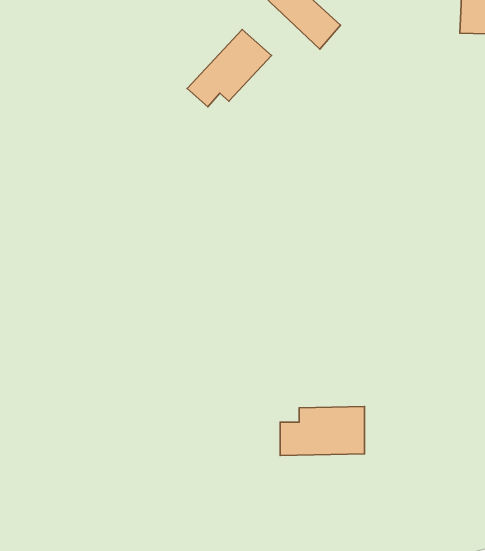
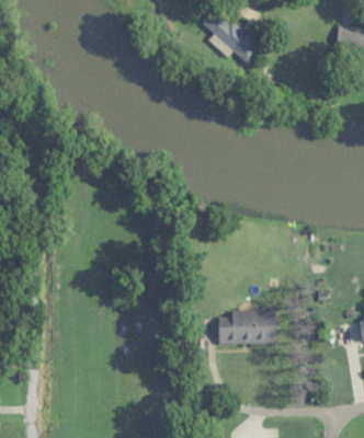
building: [187,29,272,107] -> none

